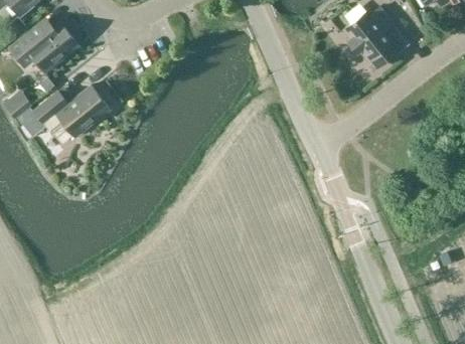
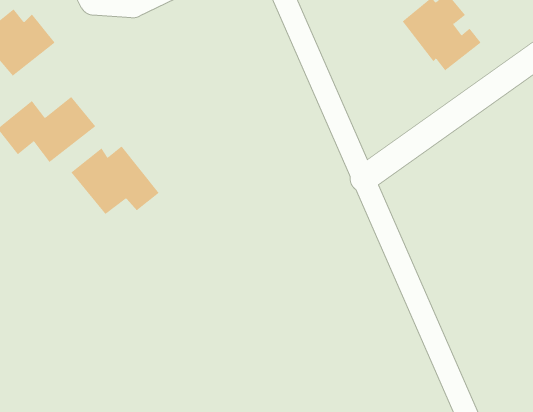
building: none -> [70,146,160,215]

